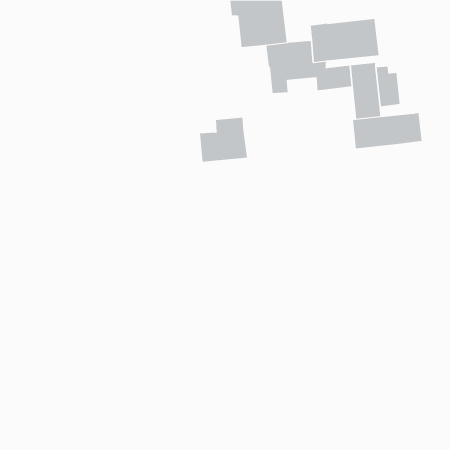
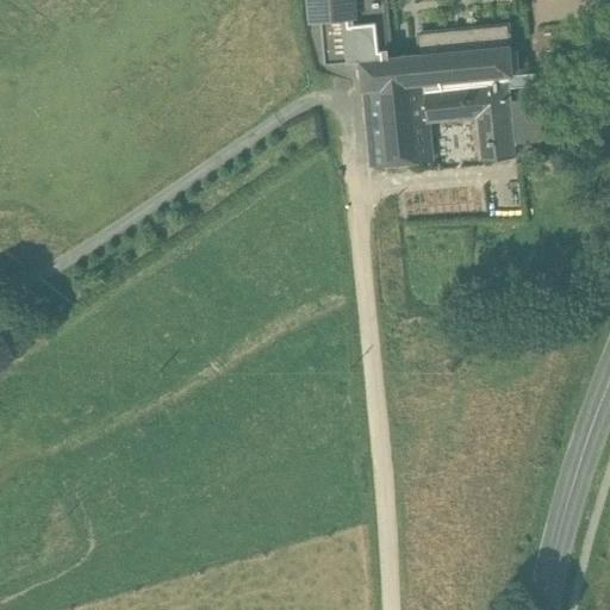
building: [353,112,422,149] -> none
building: [199,117,248,162] -> [367,106,432,167]

